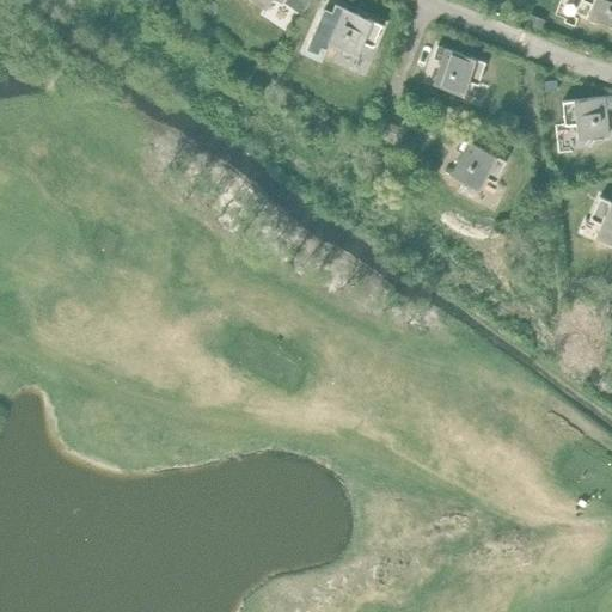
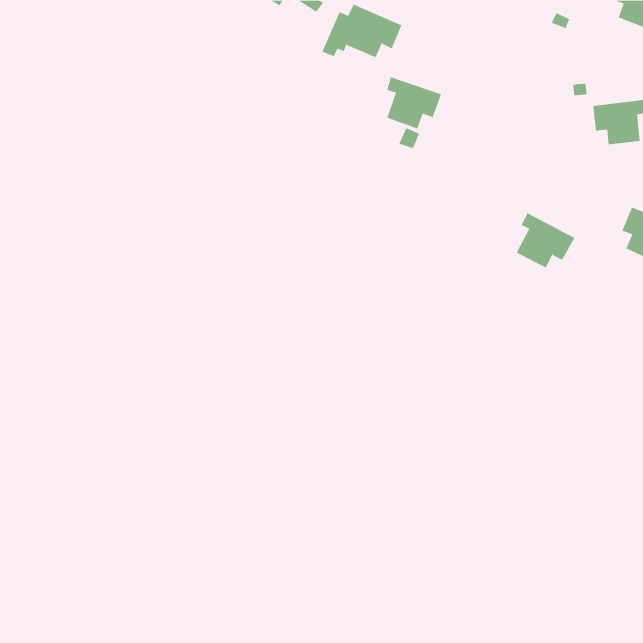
building: [434,45,486,96] -> [386,76,442,129]
building: [451,137,507,190] -> [516,213,575,268]

